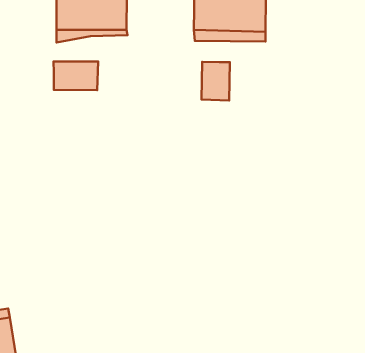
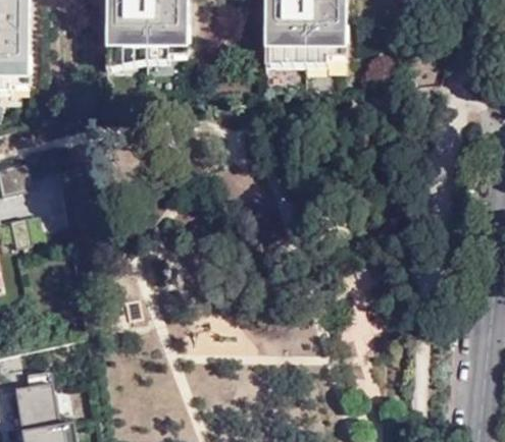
building: [54,61,98,90] -> none
building: [201,62,230,100] -> none

